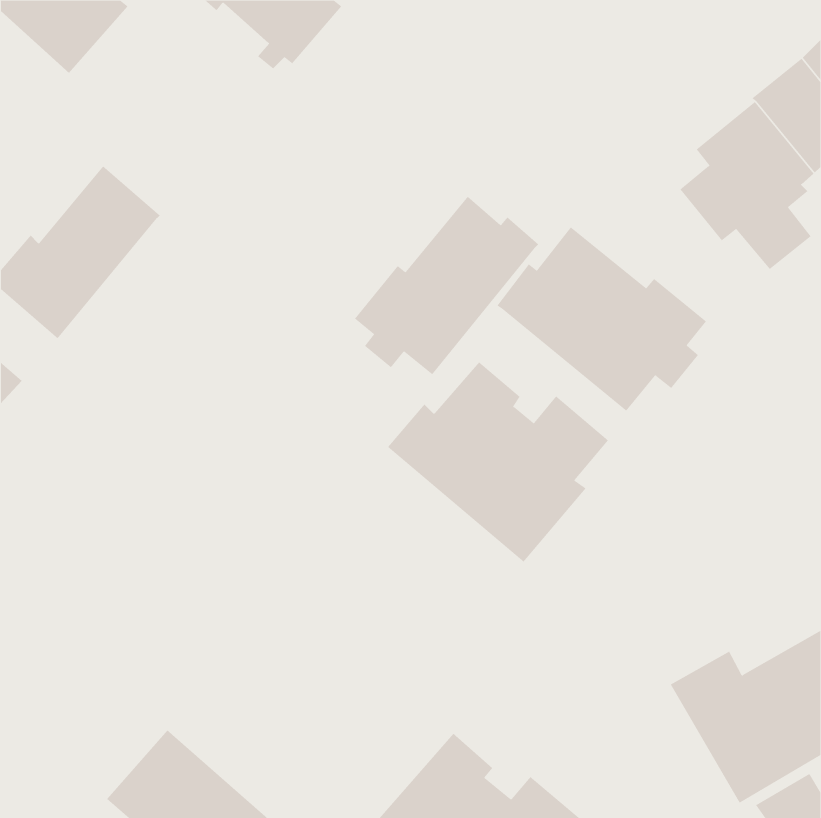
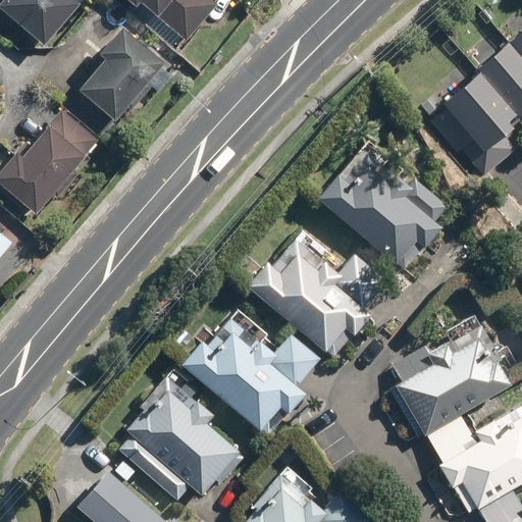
building: none -> [80,29,167,122]
building: [354,196,539,375] -> none
building: none -> [182,311,321,439]
building: none -> [386,322,516,440]
building: none -> [119,373,245,500]

